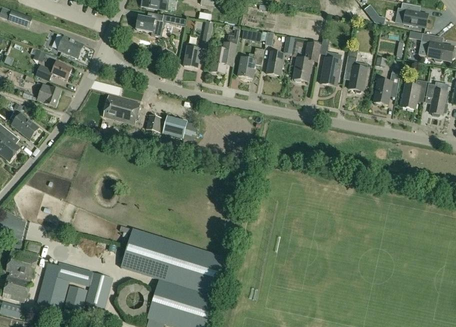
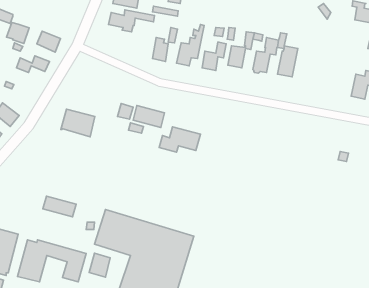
building: [344,47,367,93] -> none
building: [373,72,399,103] -> none
building: [36,84,61,107] -> [6,22,29,44]
building: [102,94,139,124] -> [61,109,95,137]
building: none -> [159,127,200,152]
building: none -> [43,196,76,217]
building: [63,284,86,310] -> [89,253,110,277]

